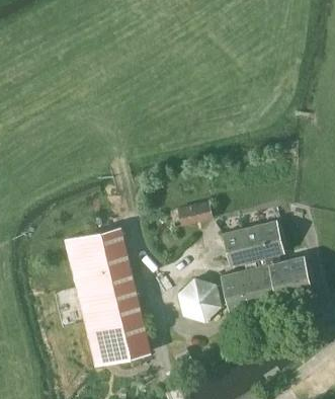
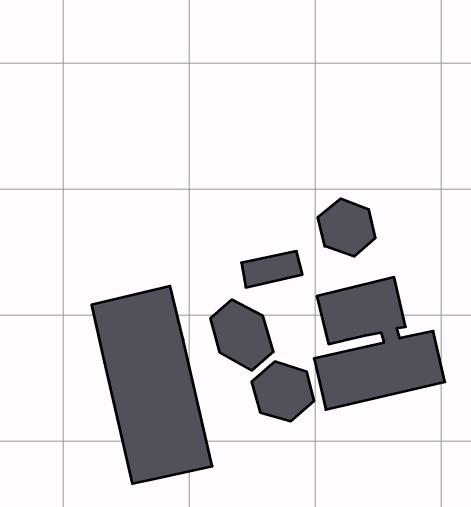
building: none -> [318,199,375,256]
building: none -> [211,300,273,370]

